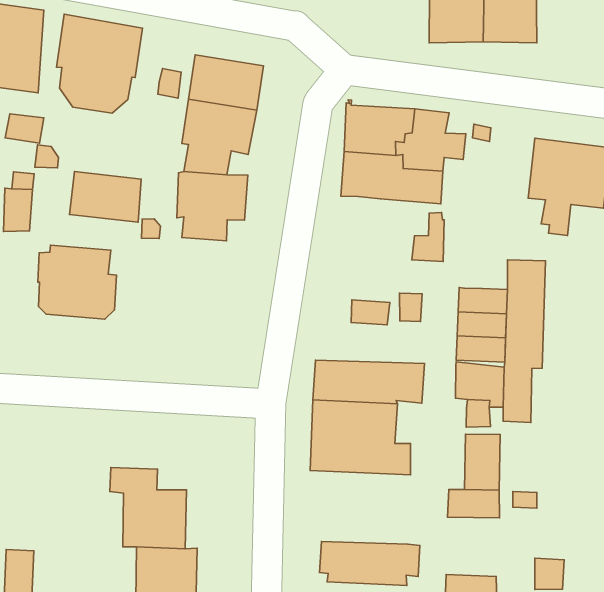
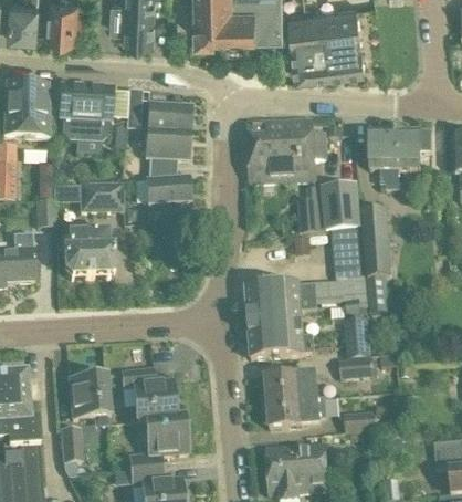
building: none -> [321,182,356,227]
building: none -> [69,375,109,418]
building: none -> [260,372,317,401]

